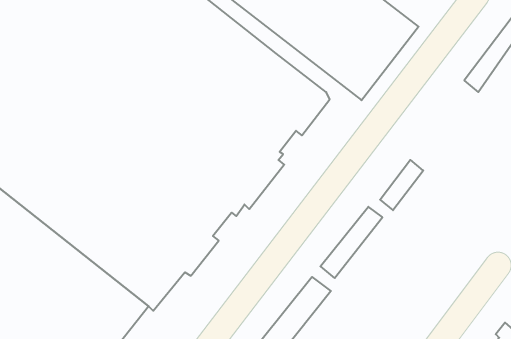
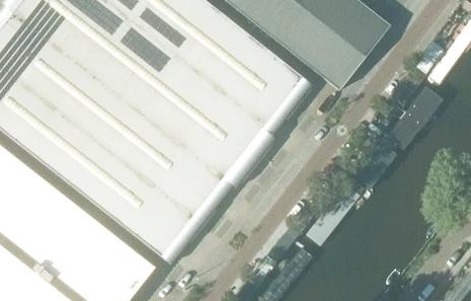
building: none -> [387,85,443,149]

